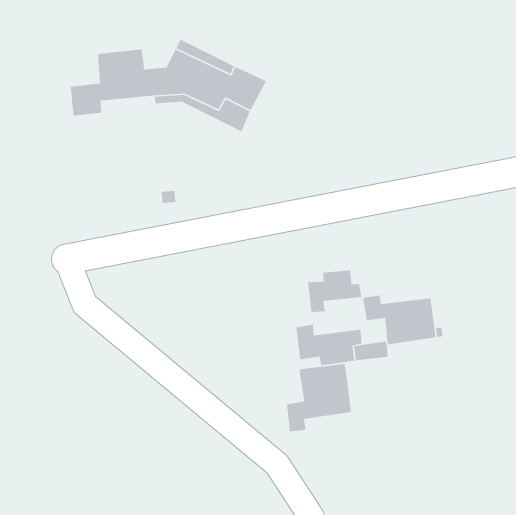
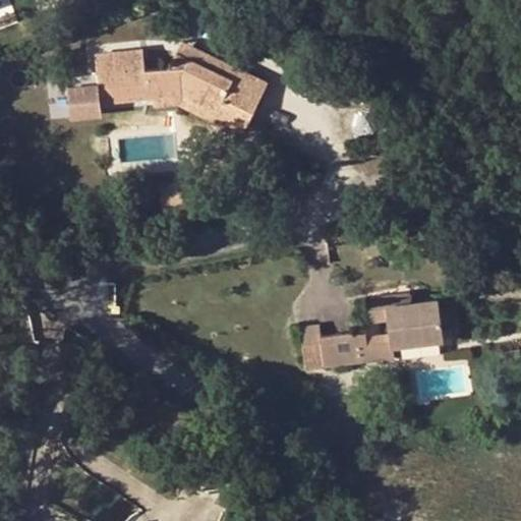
building: [307,269,362,313] -> none
building: [286,363,352,432] -> none

